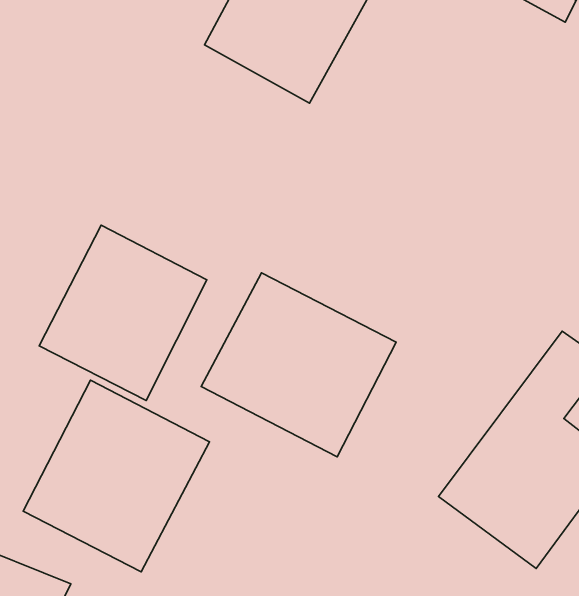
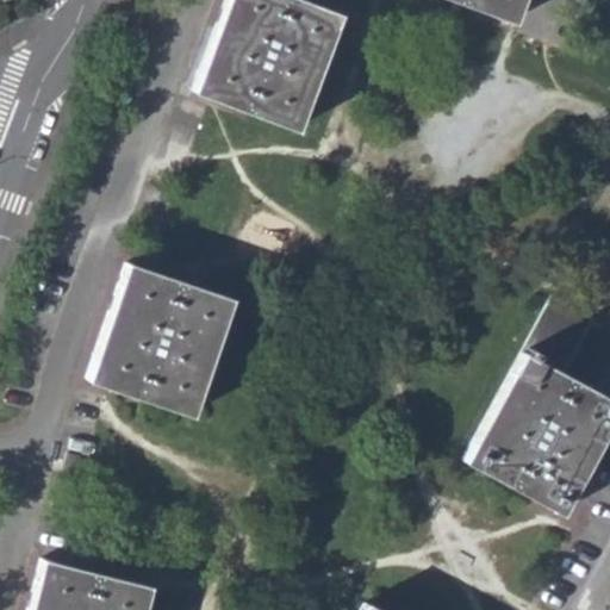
building: [201,273,396,457] -> none
building: [23,380,210,572] -> none

